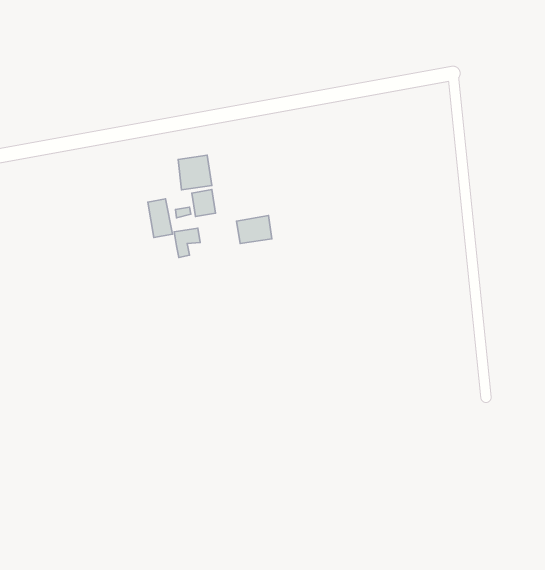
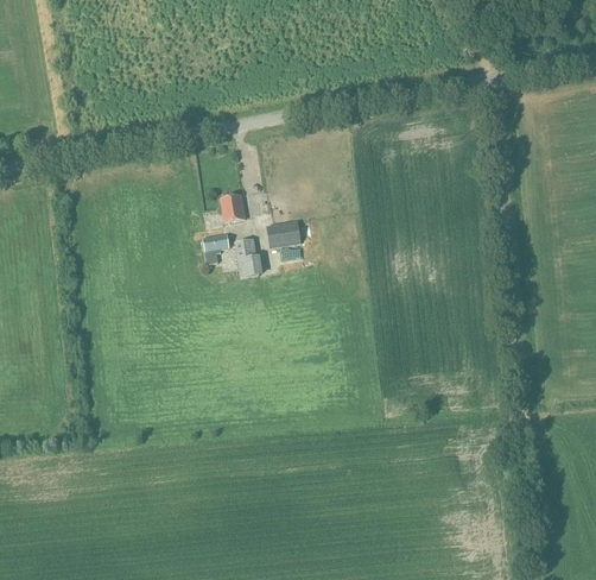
building: [178,155,212,190] -> none
building: [148,199,173,238] -> [235,238,260,277]

